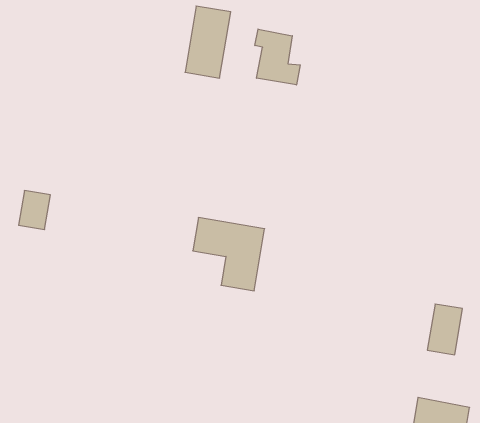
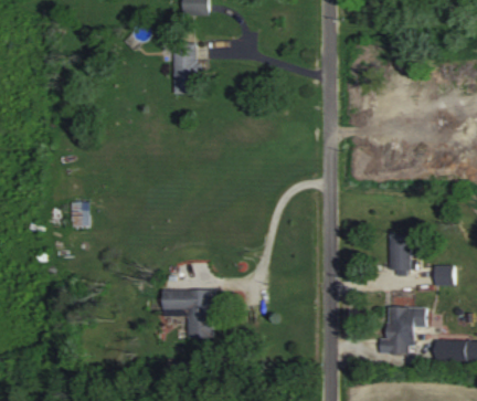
building: [255,29,300,85] -> none
building: [193,218,265,291] -> [161,289,212,337]

